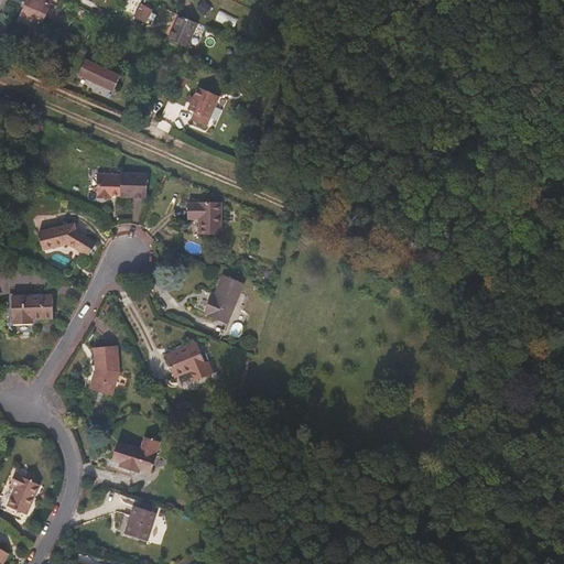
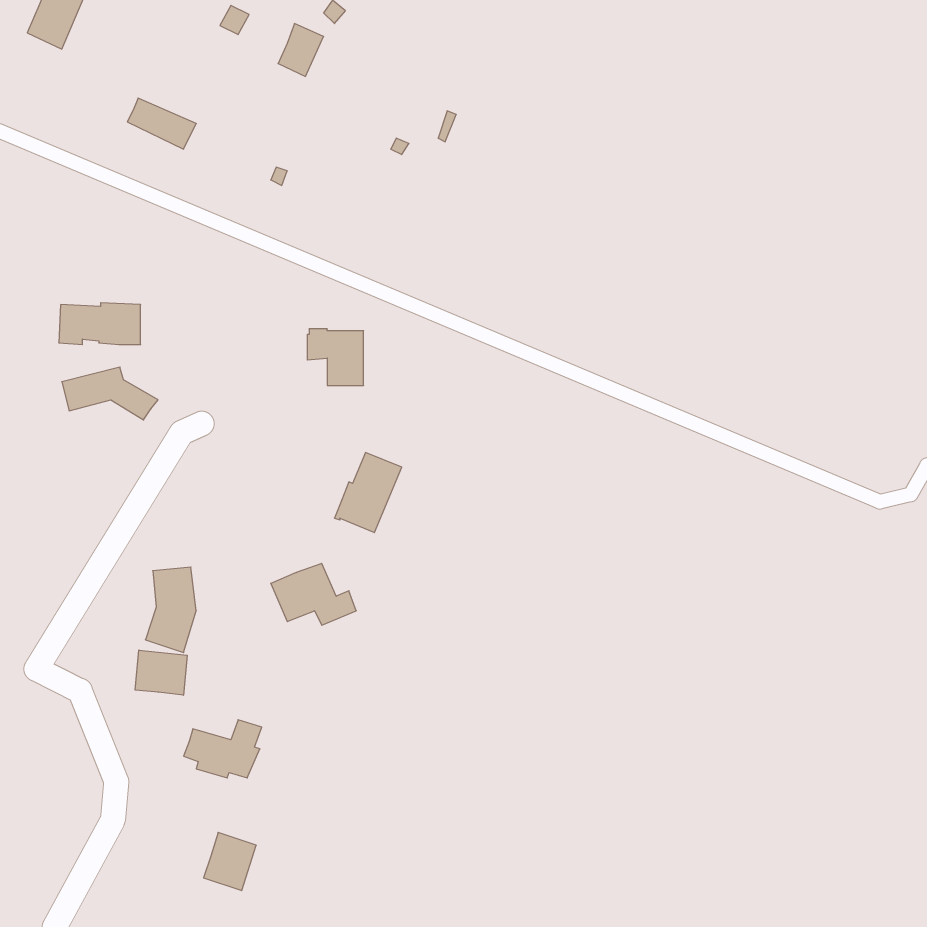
building: [185,86,218,126] -> none
building: [96,172,145,197] -> [59,303,141,345]
building: [11,294,52,323] -> none
building: none -> [135,650,187,695]
building: [7,470,40,513] -> none

